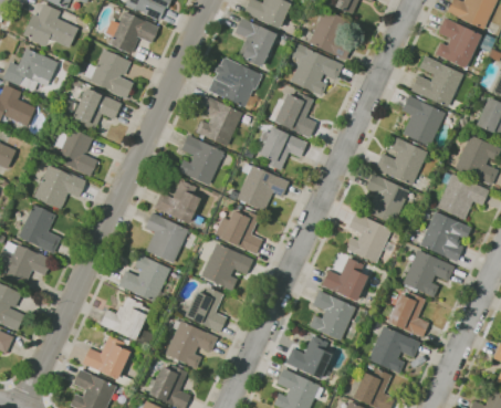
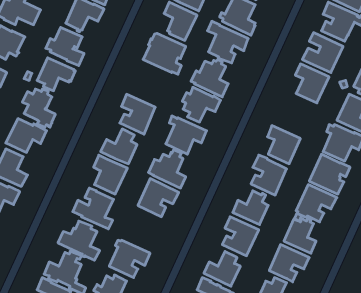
building: [196,96,242,146] -> none
building: [375,138,427,185] -> none
building: [185,286,227,333] -> none

